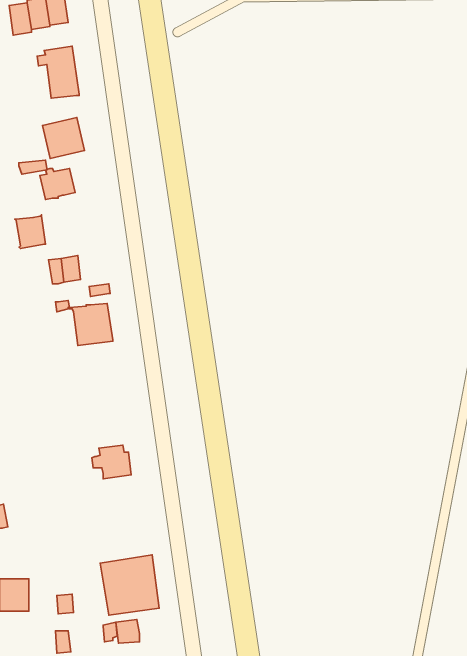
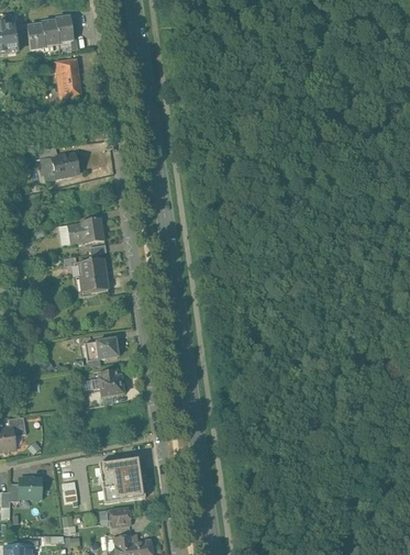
building: [42,117,85,159] -> none
building: [15,215,46,249] -> [79,217,103,243]
building: none -> [84,338,117,362]

